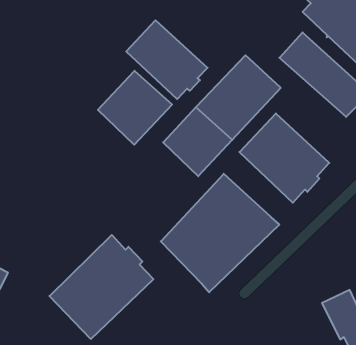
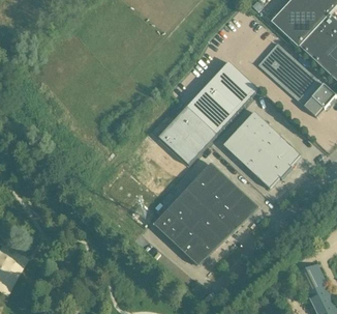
building: [126,20,208,99] -> none
building: [98,71,172,145] -> none
building: [49,235,153,339] -> none

